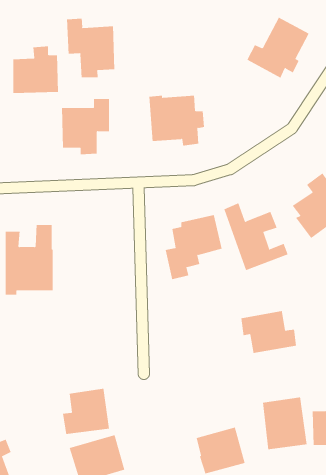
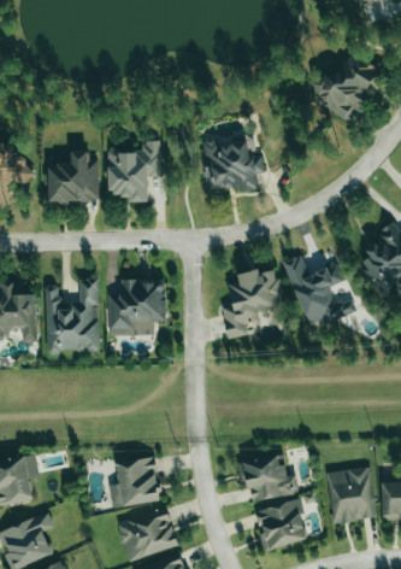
building: [66,18,115,78] -> none
building: [13,46,59,93] -> [48,149,99,201]
building: none -> [107,278,165,334]
building: [241,310,297,353] -> [237,453,299,500]

